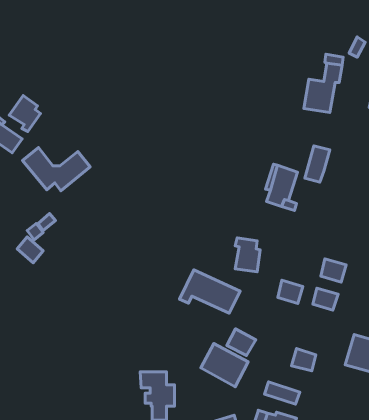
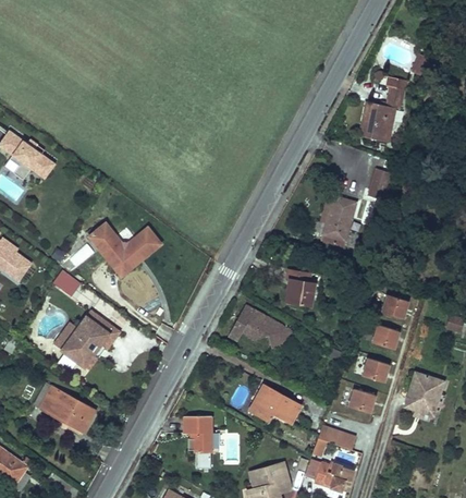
building: [9,95,40,131] -> none
building: [22,148,90,191] -> [89,222,162,269]
building: none -> [64,311,120,366]
building: [278,280,303,304] -> [360,357,388,382]
building: [227,329,256,356] -> none
building: none -> [40,386,97,434]

